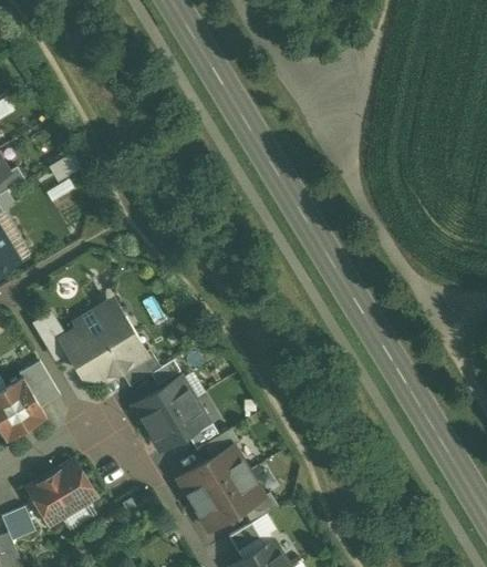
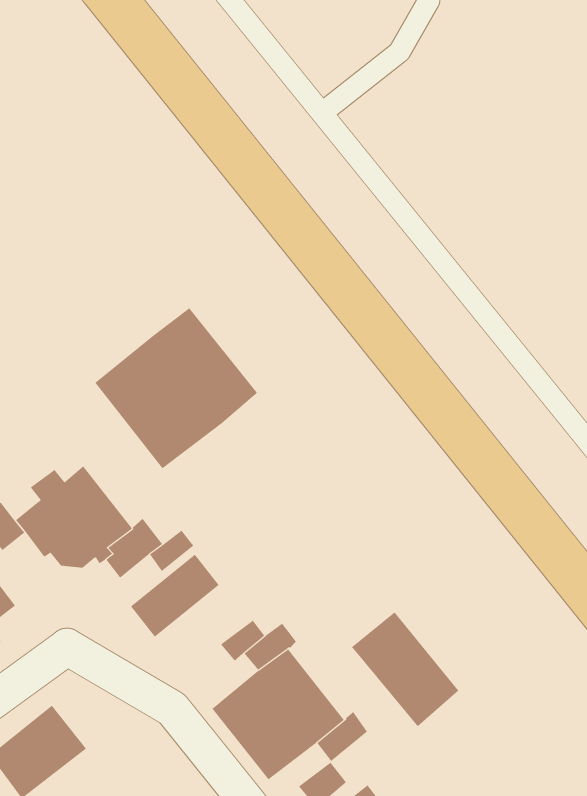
building: none -> [95,306,259,469]
building: [146,399,206,450] -> none
building: none -> [351,611,459,727]

